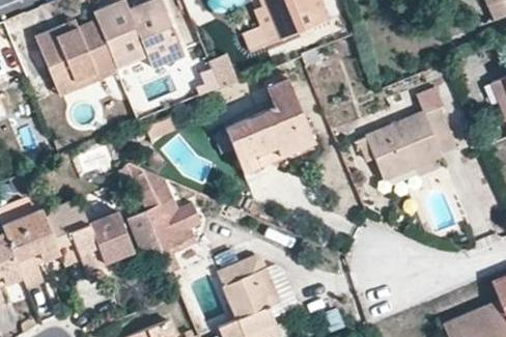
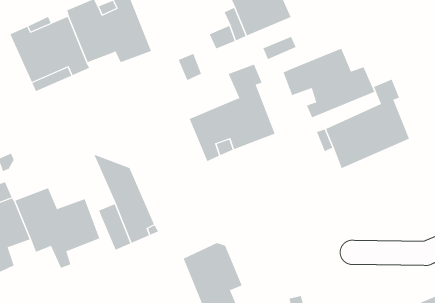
building: none -> [283,48,375,118]

